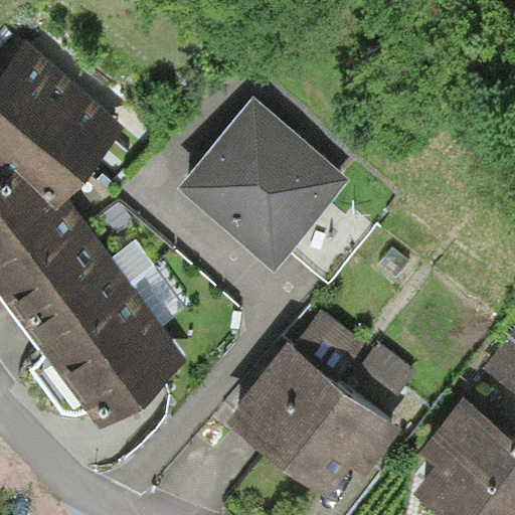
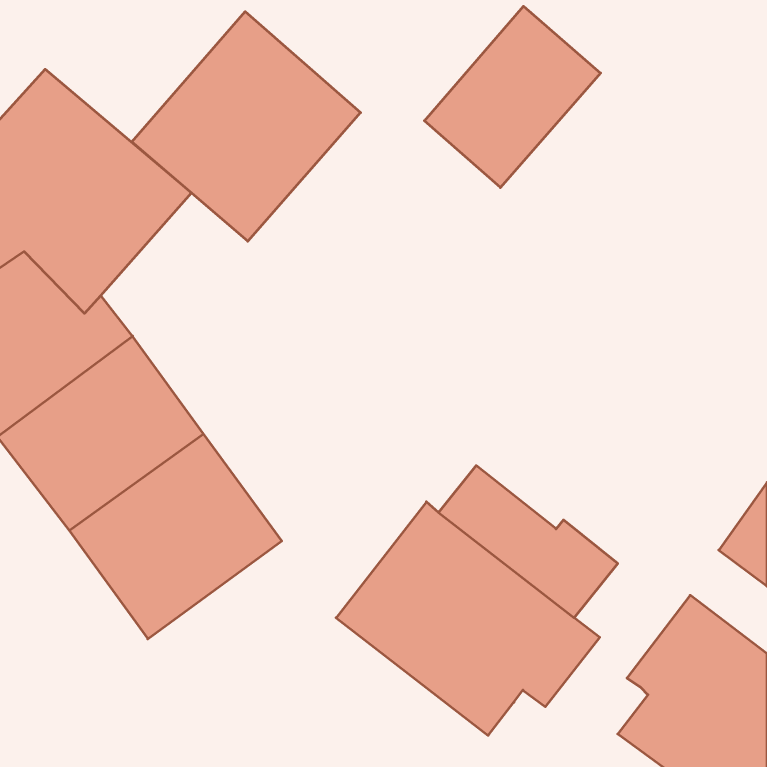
building: none -> [424,6,601,188]
building: none -> [132,12,361,241]
building: [179,104,349,271] -> none

